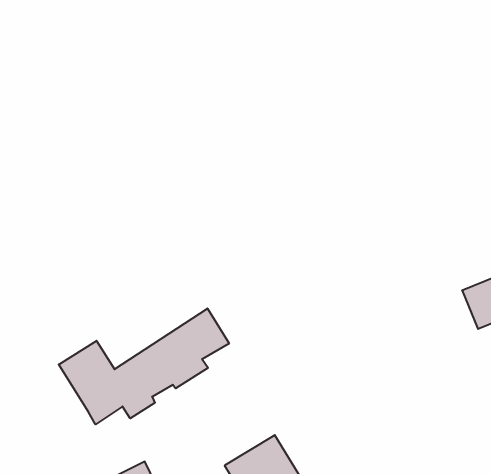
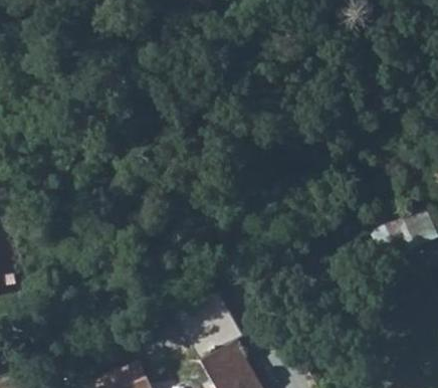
building: [59,308,229,424] -> none

